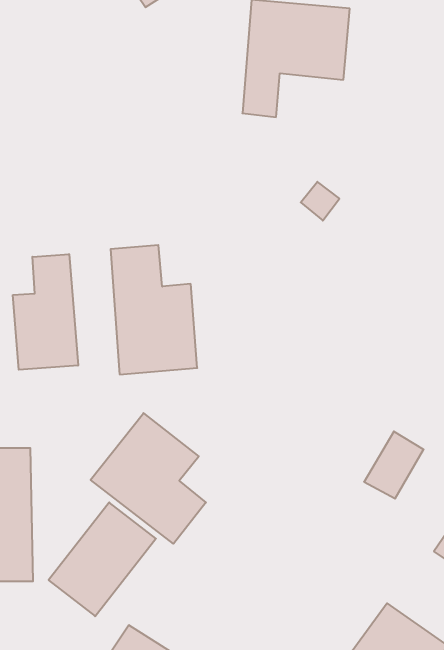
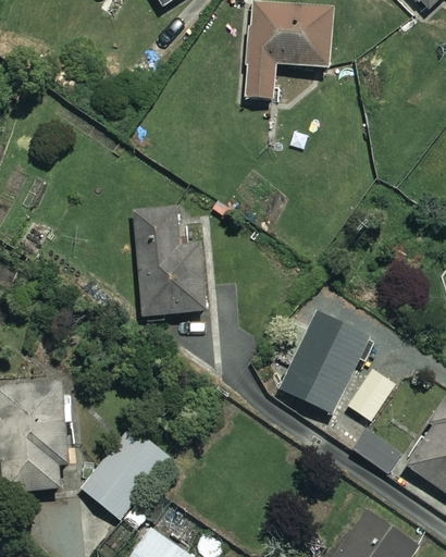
building: [13,254,78,370] -> none
building: none -> [278,310,371,414]
building: [91,413,206,544] -> none

